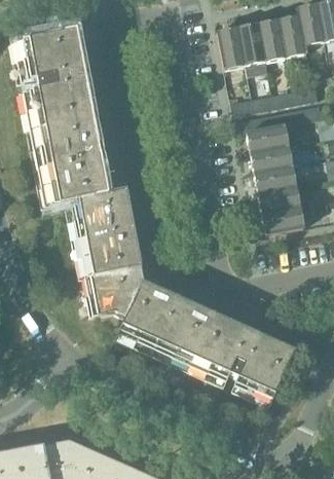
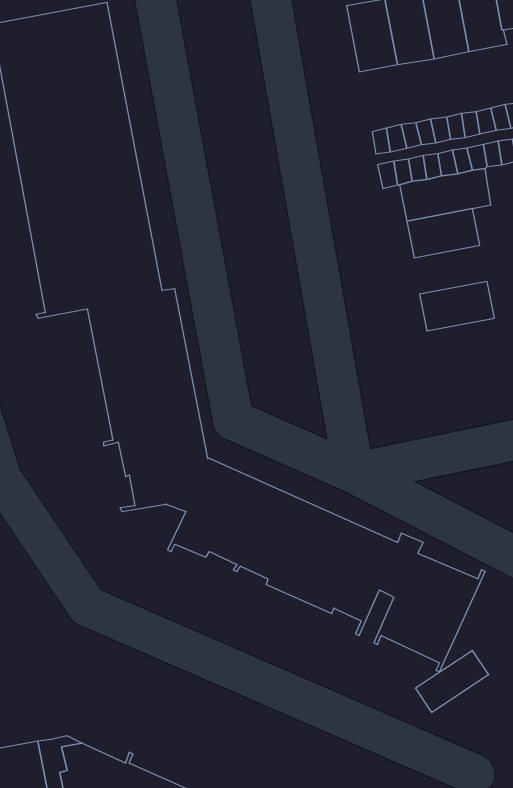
building: [256,164,297,192] -> none
building: [263,206,305,233] -> none
building: none -> [416,650,489,712]

